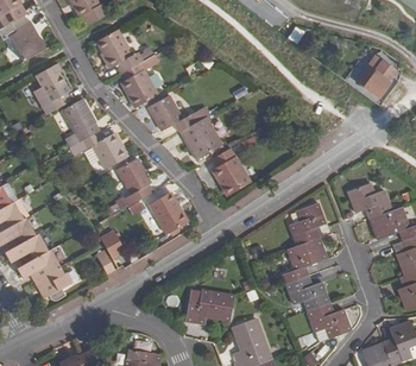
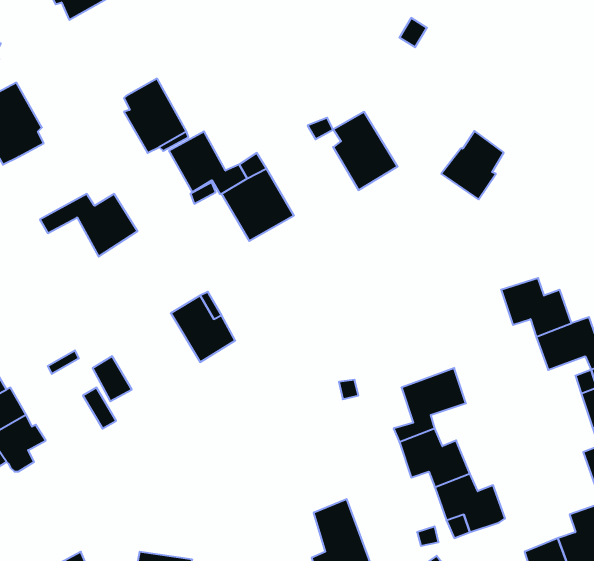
building: [95,27,141,71] -> none
building: [353,55,391,96] -> [441,131,504,199]
building: [61,96,99,146] -> none
building: [210,147,250,195] -> [333,112,398,190]
building: [115,157,152,204] -> none
building: [290,201,326,245] -> none
building: [185,286,234,322] -> none

